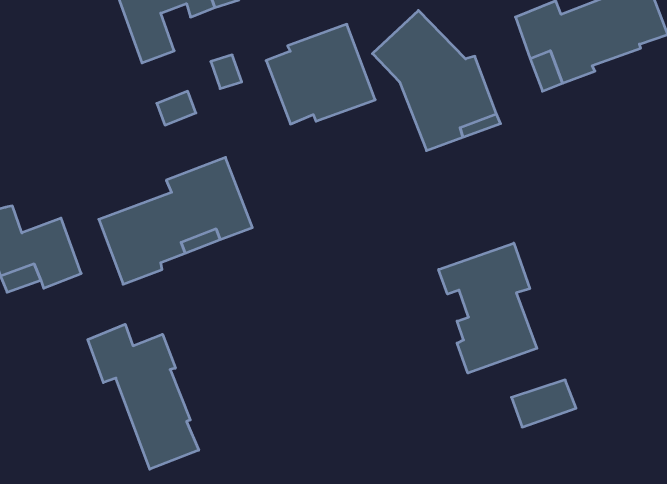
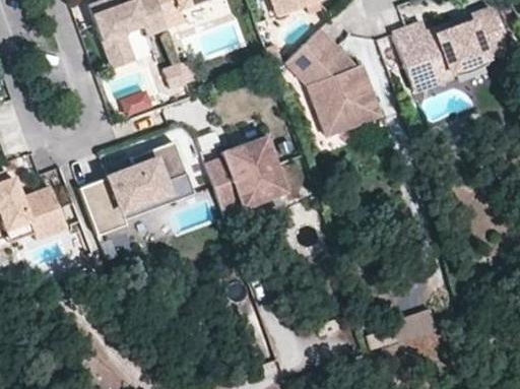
building: [266,24,375,124] -> [205,135,287,210]
building: [439,243,537,373] -> none
building: [88,324,199,469] -> none

